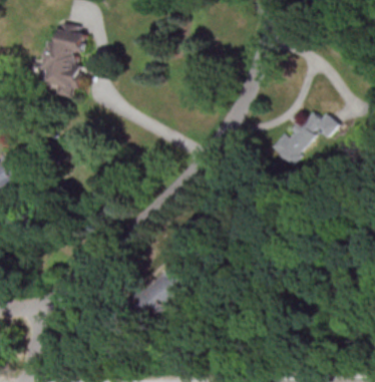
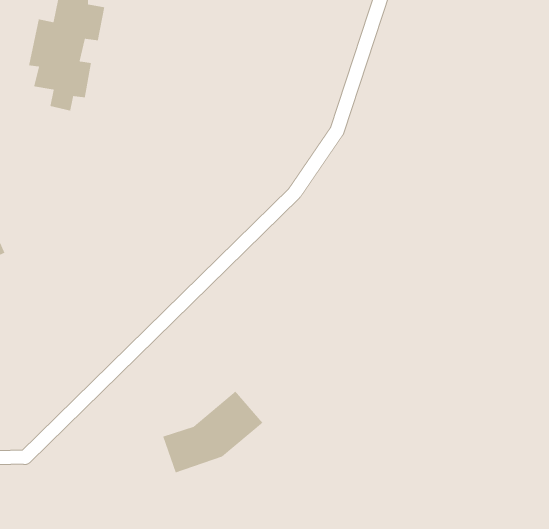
building: [268,111,335,164] -> none

